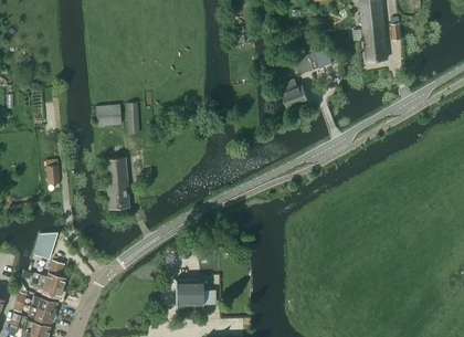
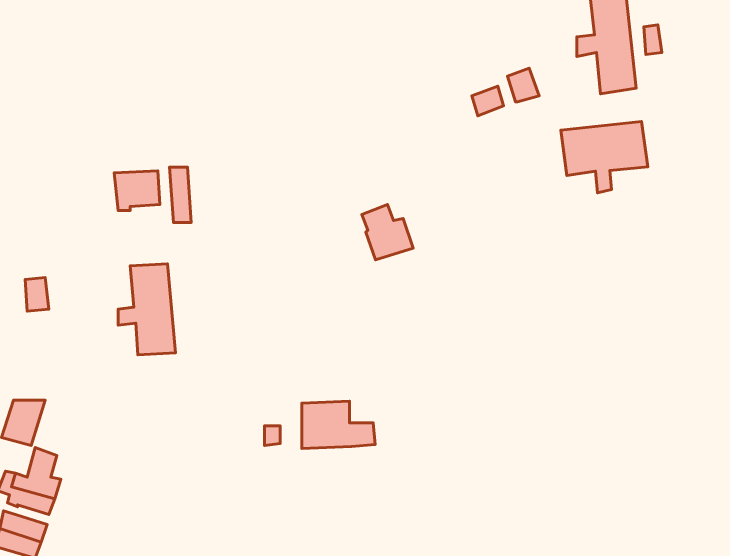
building: [280,77,308,108] -> [362,205,413,260]
building: none -> [561,122,648,193]
building: [175,278,215,305] -> [302,401,375,449]

